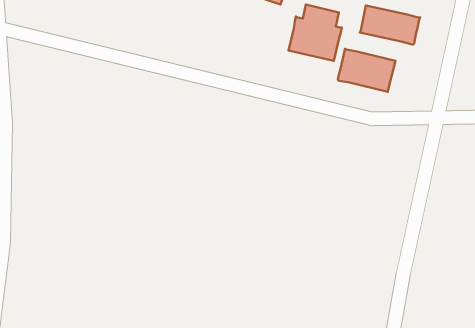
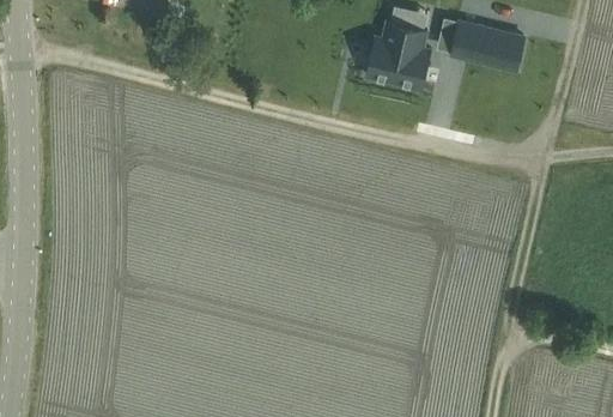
building: [338,49,395,92] -> none

